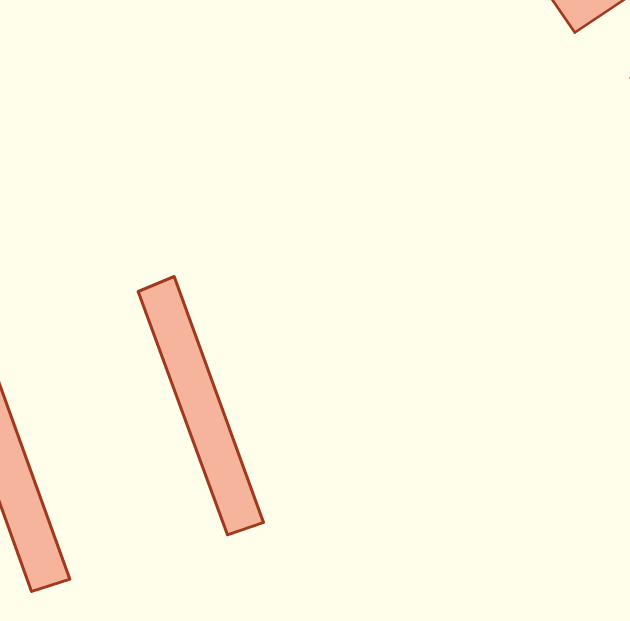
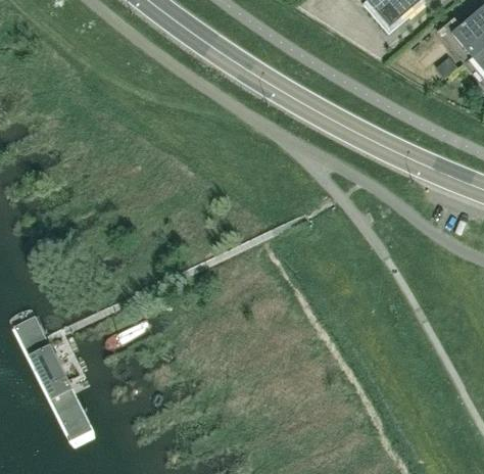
building: [138,276,263,535] -> none

